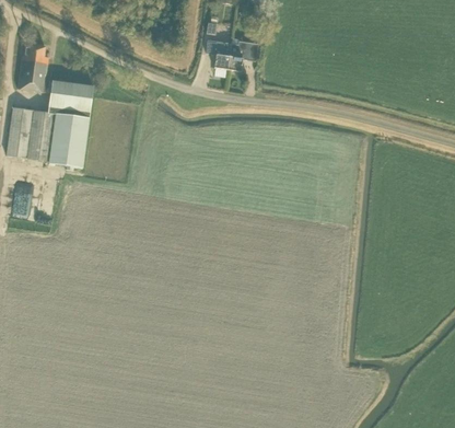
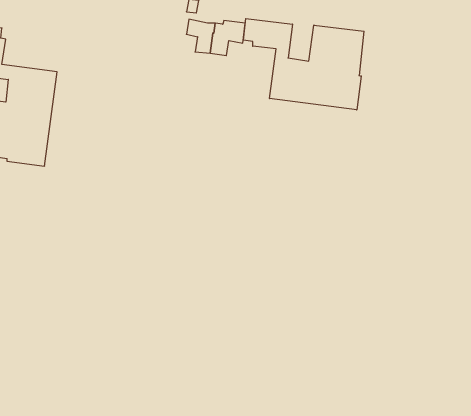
building: none -> [243,19,364,110]

